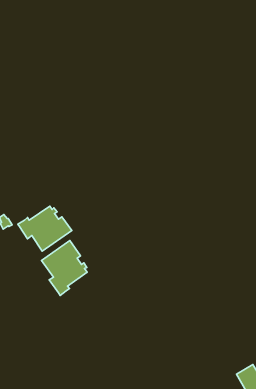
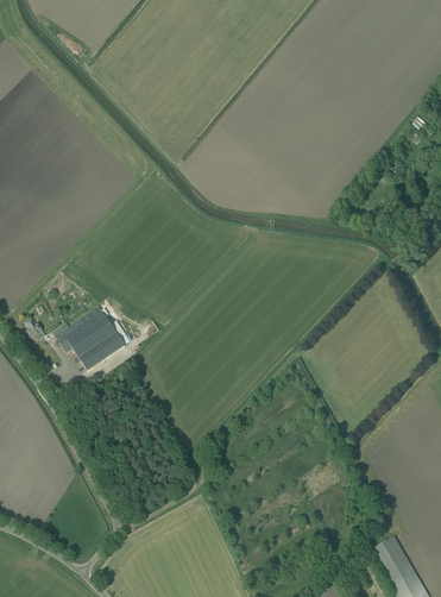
building: [42,241,87,295] -> none

